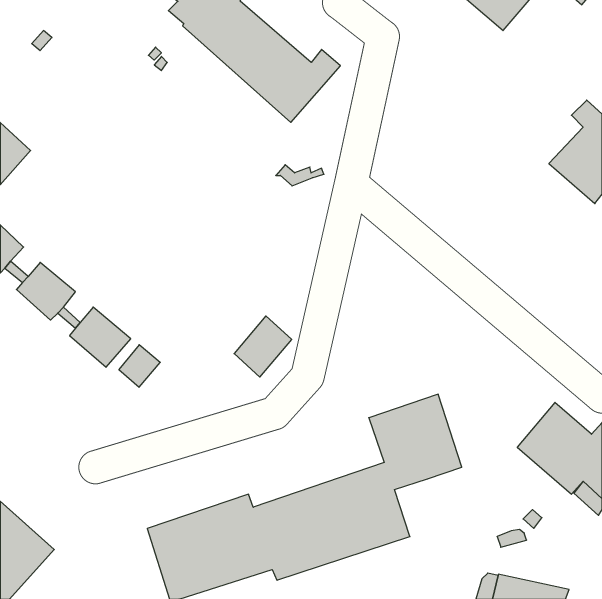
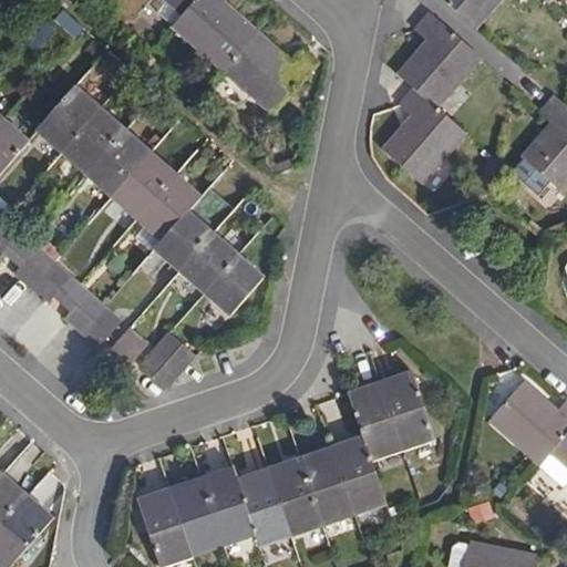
building: none -> [377,11,478,182]
building: none -> [38,85,264,312]
building: [234,316,292,377] -> [140,330,194,388]

